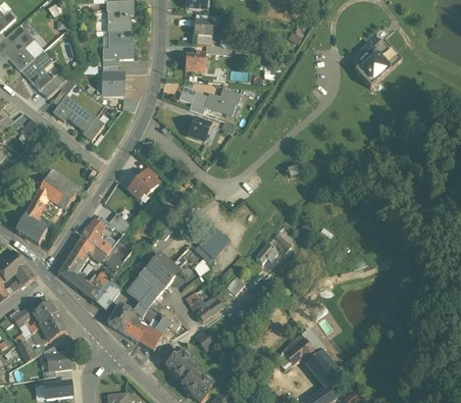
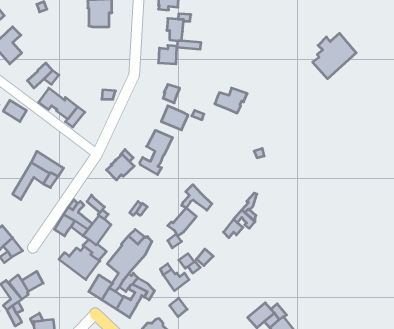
building: [103,31,132,59] -> none
building: [21,51,52,90] -> none
building: [102,72,123,95] -> none
building: [204,89,240,116] -> [215,88,247,113]
building: none -> [140,130,173,175]
building: none -> [182,185,212,210]
building: [14,214,46,243] -> none
building: [57,253,84,286] -> none
building: [40,312,66,340] -> none

